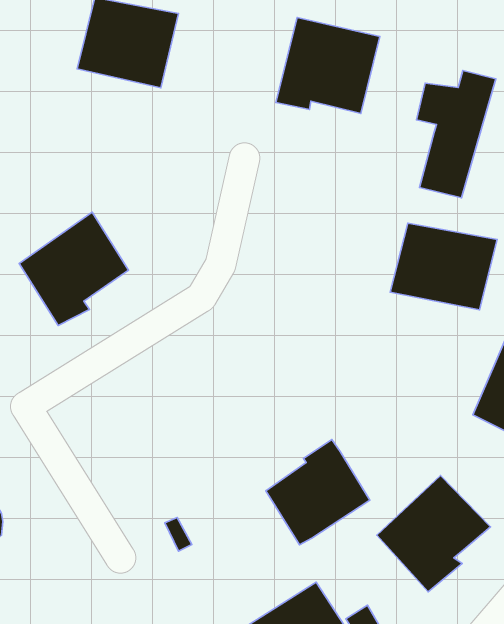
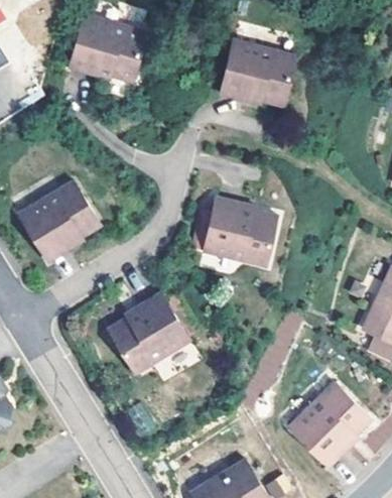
building: [417,71,496,198] -> none
building: [390,223,497,310] -> [202,199,281,263]
building: [266,439,370,545] -> [109,291,186,370]

